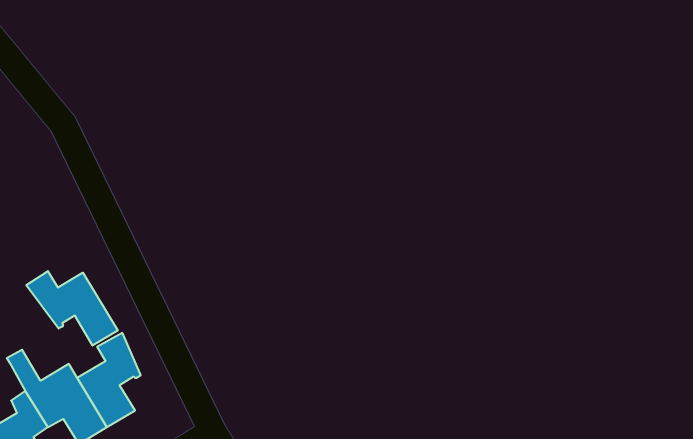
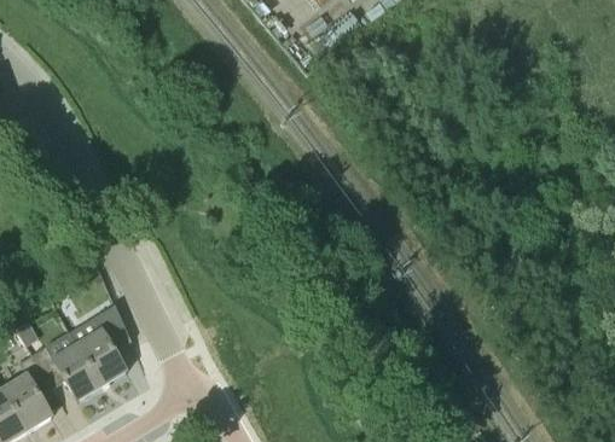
building: [26,271,118,346] -> none

